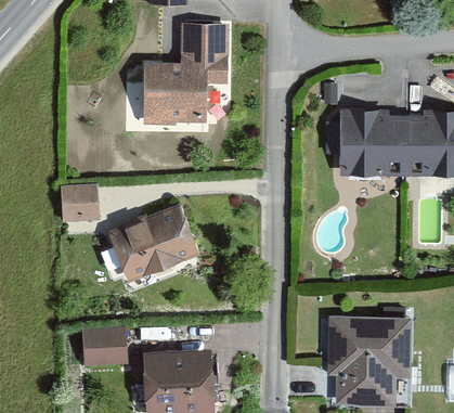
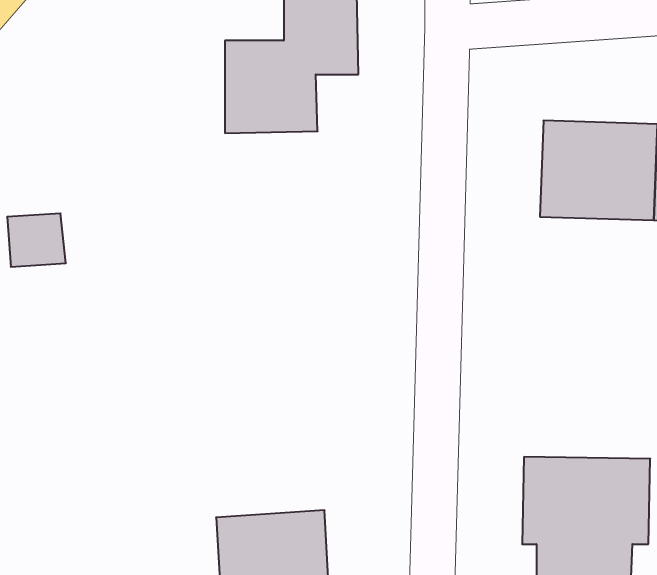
building: [63,186,99,219] -> [7,213,66,267]
building: [109,206,197,279] -> none
building: [83,330,122,364] -> none

